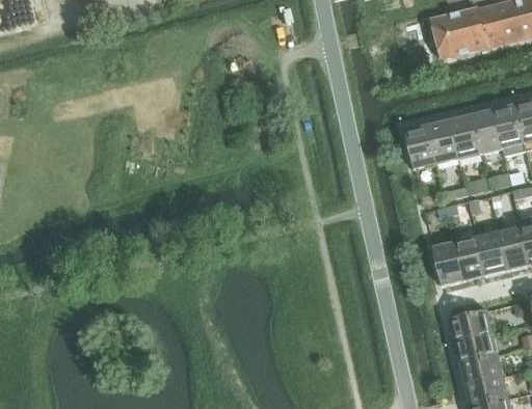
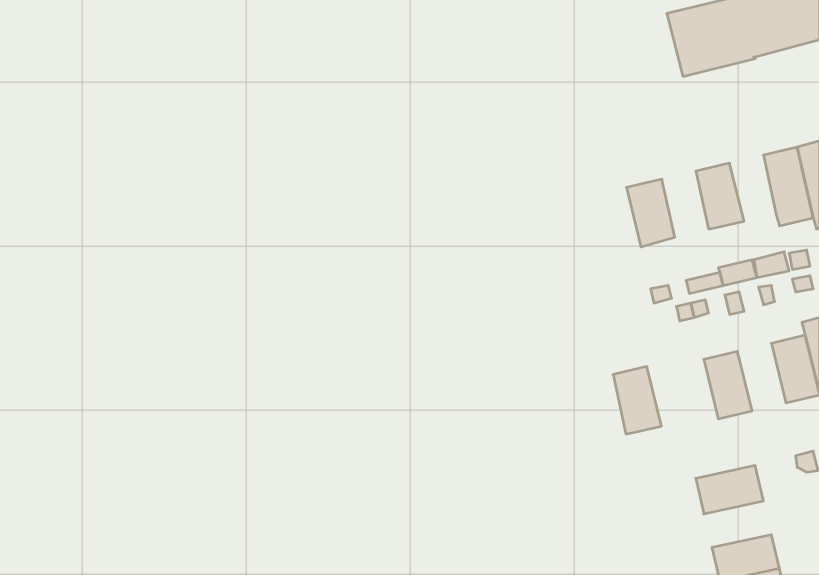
building: [472,109,502,152] -> none
building: [428,119,458,172] -> none
building: [477,230,508,274] -> none
building: [433,241,464,284] -> [613,367,661,434]
building: [455,332,499,362] -> none

